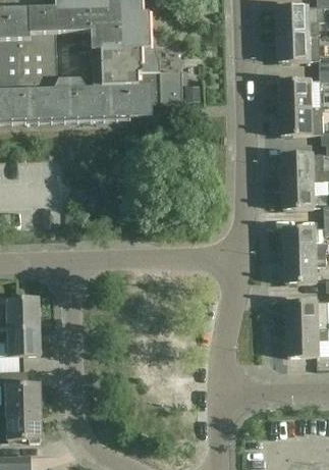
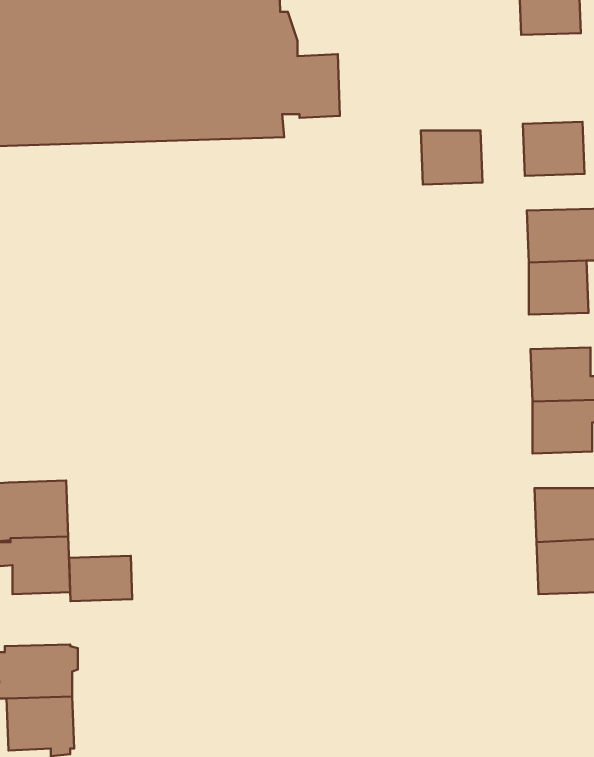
building: [278,80,311,108] -> [421,131,483,185]
building: none -> [69,556,132,601]

